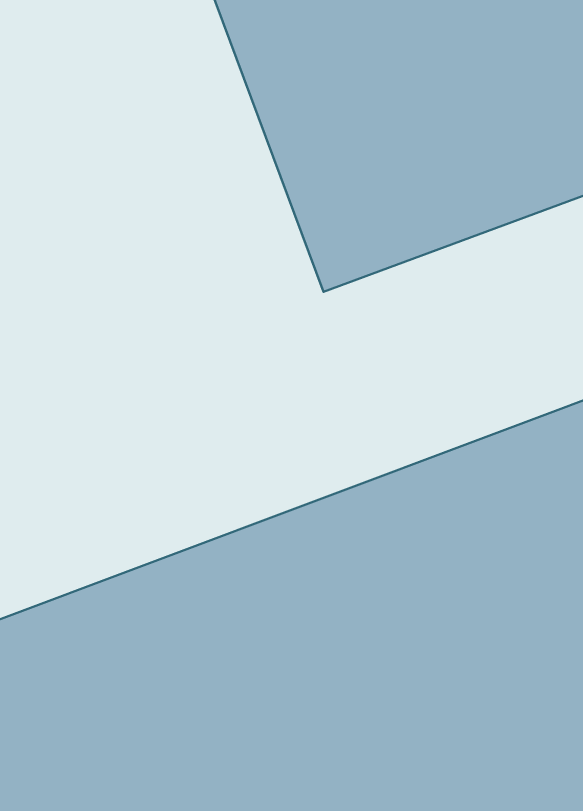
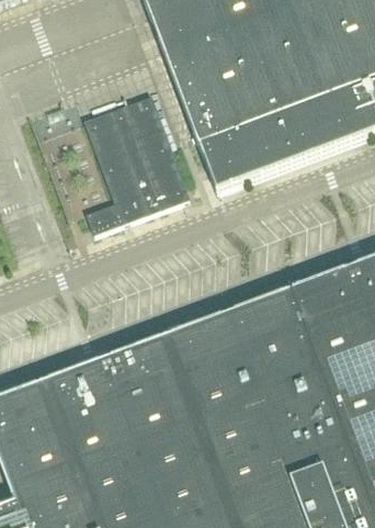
building: none -> [86,94,190,233]

